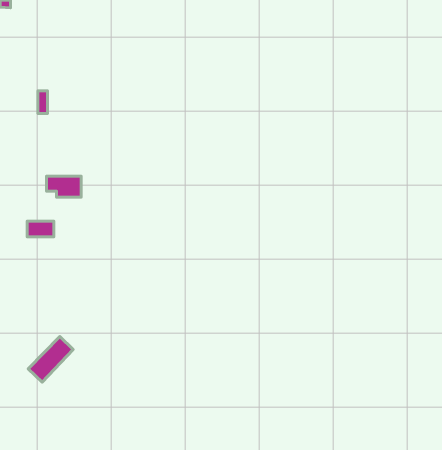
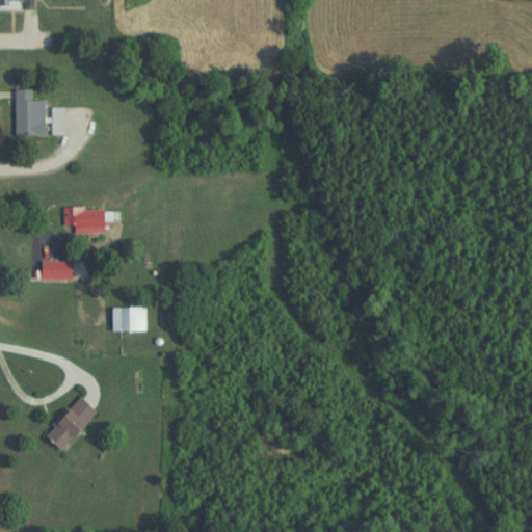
building: none -> [16,89,45,135]
building: none -> [111,308,145,330]

